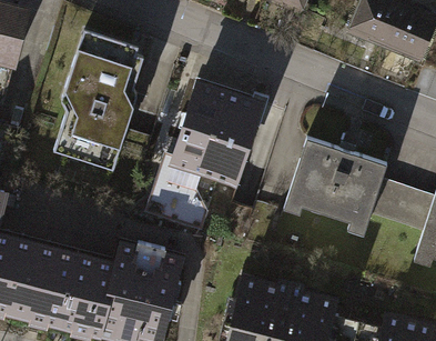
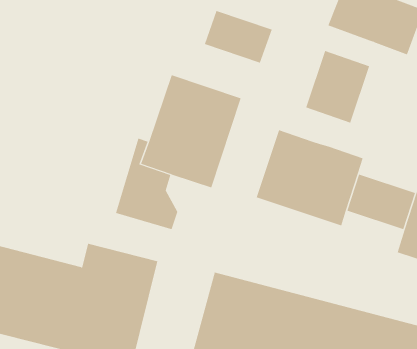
building: none -> [204,10,272,64]
building: [53,31,144,172] -> none
building: none -> [306,50,370,123]

